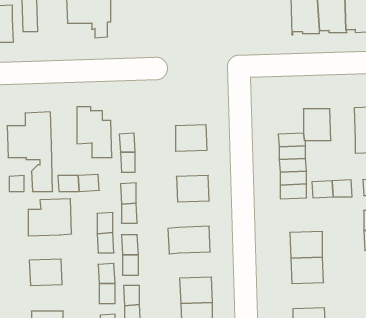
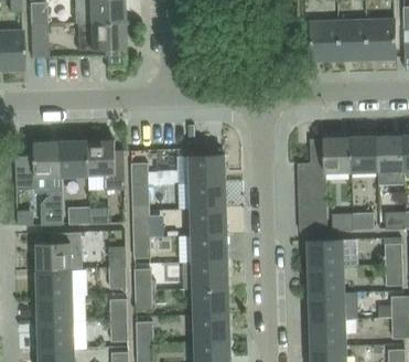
building: none -> [351,137,377,171]
building: none -> [60,140,87,174]
building: none -> [190,181,224,209]
building: none -> [192,234,225,262]
building: none -> [308,239,343,267]
building: none -> [36,269,71,296]
building: none -> [194,287,227,315]
building: none -> [311,319,345,347]
building: none -> [39,321,73,349]

